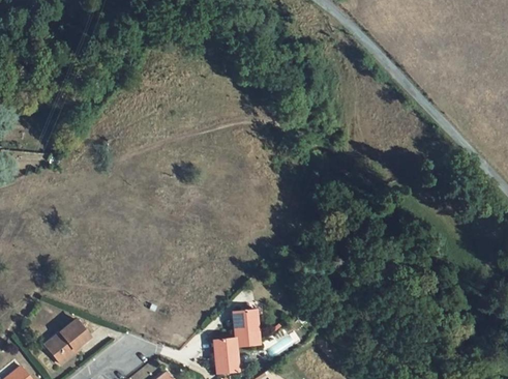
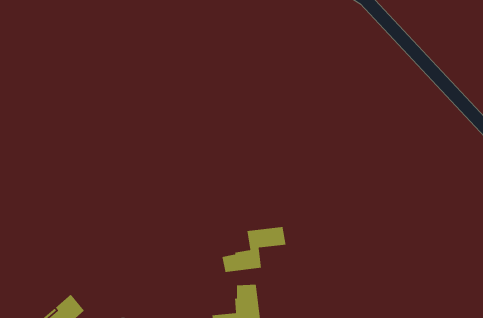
building: none -> [222,226,286,273]

